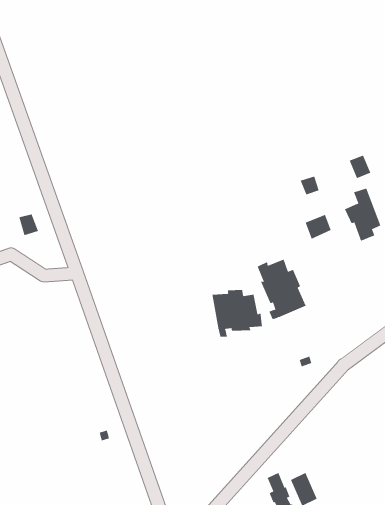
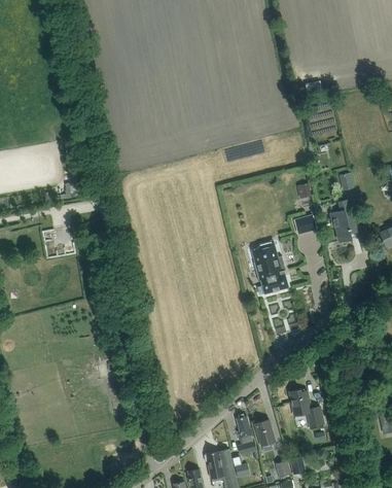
building: [212,289,263,337] -> none
building: none -> [289,390,324,428]

